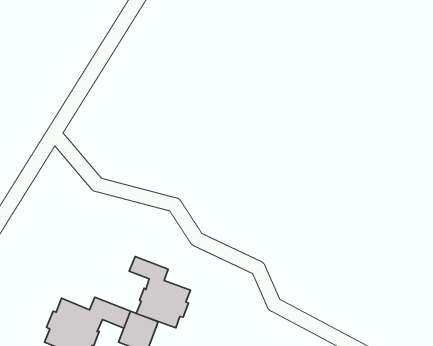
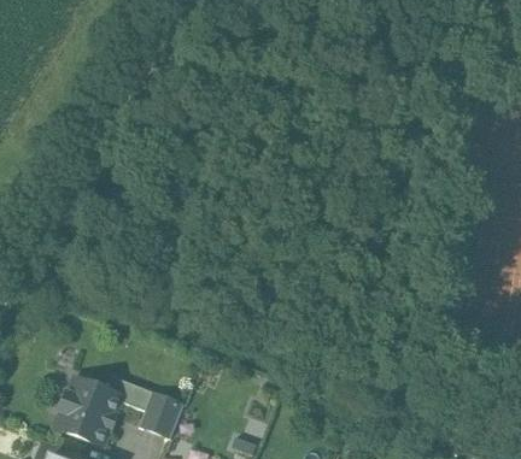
building: [129,257,190,328] -> none

